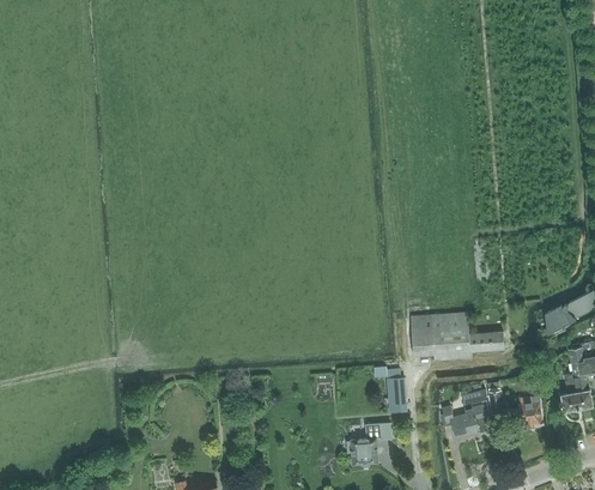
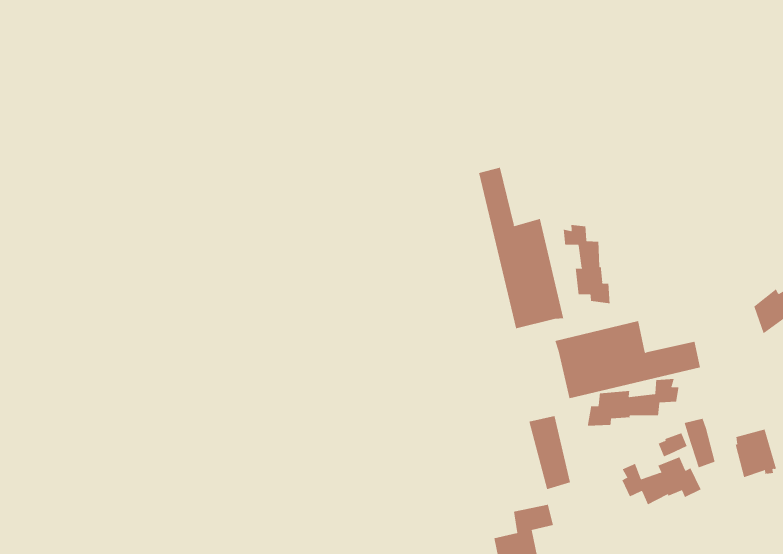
building: none -> [479,167,564,329]
building: none -> [563,224,610,304]
building: none -> [587,378,679,426]

